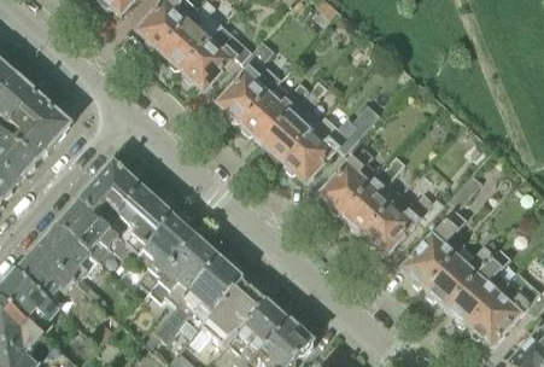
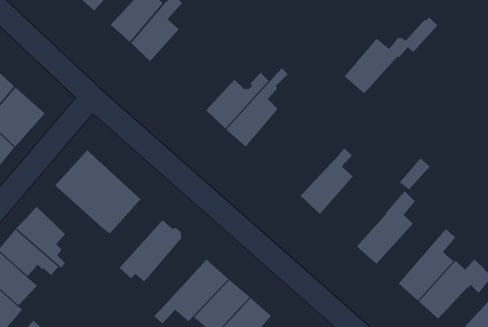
building: [181,27,251,88] -> none
building: [217,51,276,121] -> none
building: [283,97,385,180] -> [344,17,438,94]
building: [320,147,379,212] -> none
building: [363,191,438,252] -> none
building: [59,202,128,262] -> none
building: [128,216,194,298] -> none
building: [423,243,493,307] -> none
building: [152,257,241,343] -> none

